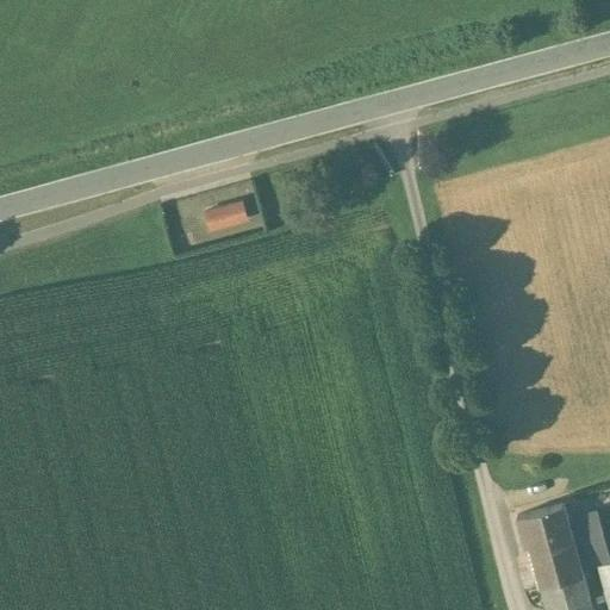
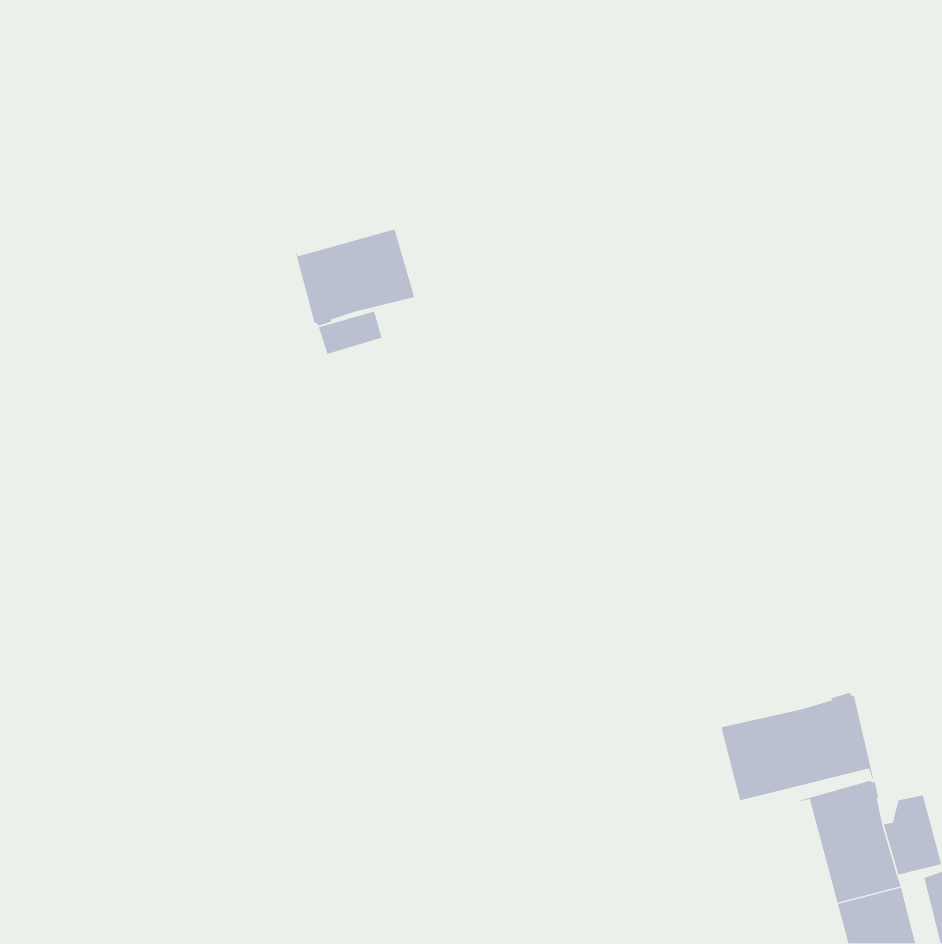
building: none -> [293,229,415,327]
building: none -> [720,692,874,801]

